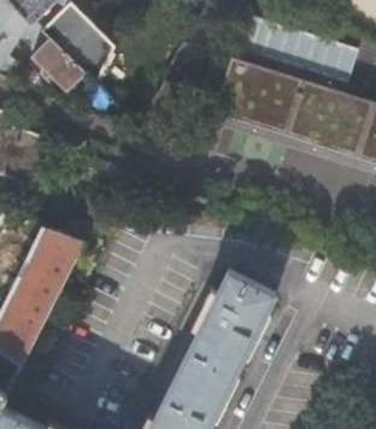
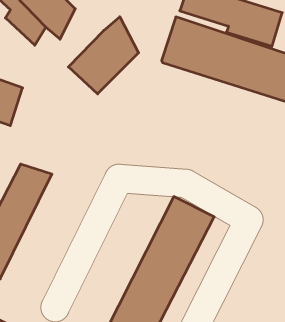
building: none -> [68,17,139,94]

